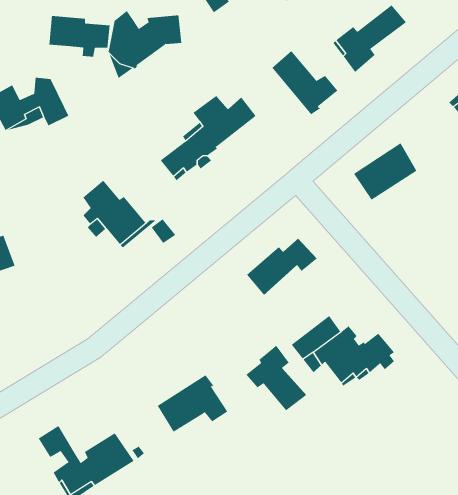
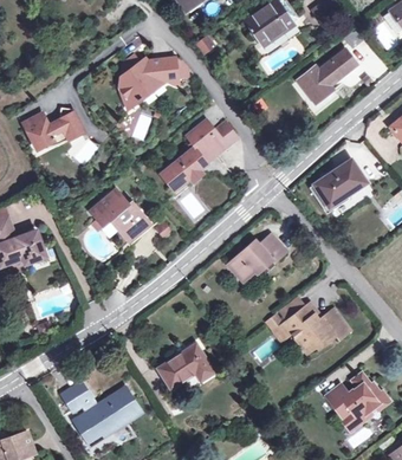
building: [49,15,110,57] -> none
building: [271,50,338,115] -> none
building: [245,345,307,411] -> none
building: none -> [325,374,388,425]

